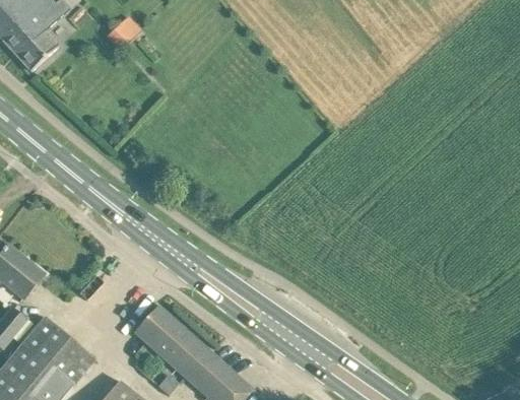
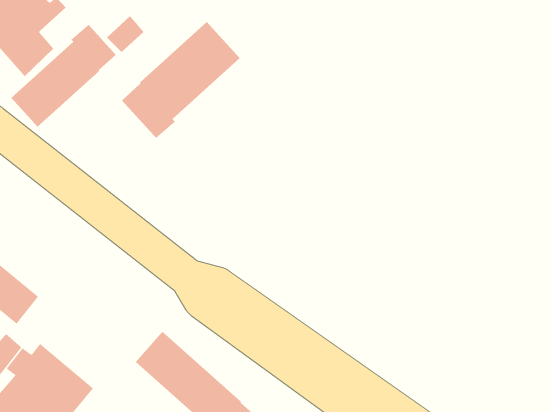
building: none -> [121,21,241,139]
building: none -> [10,24,116,128]

